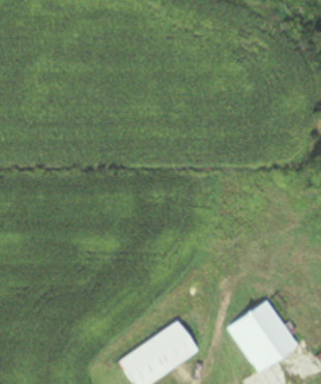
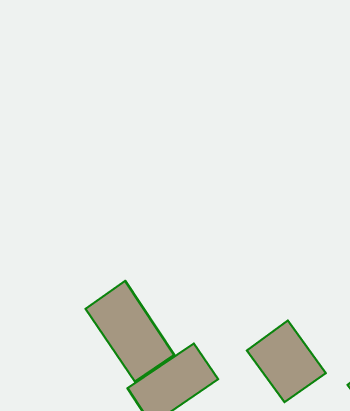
building: none -> [85,281,174,381]

